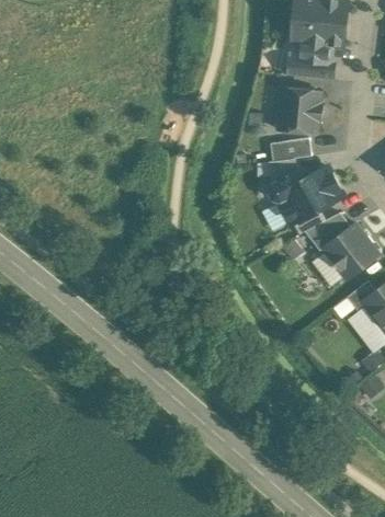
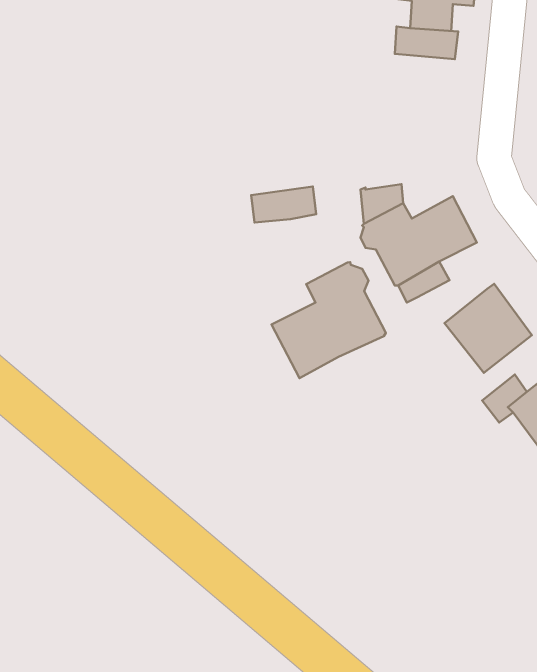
building: [278,88,322,134] -> none
building: [270,138,312,161] -> [251,187,316,223]
building: none -> [271,262,386,378]
building: [305,212,350,251] -> none

